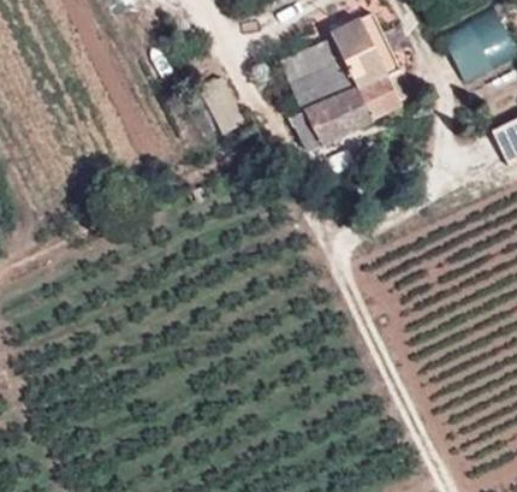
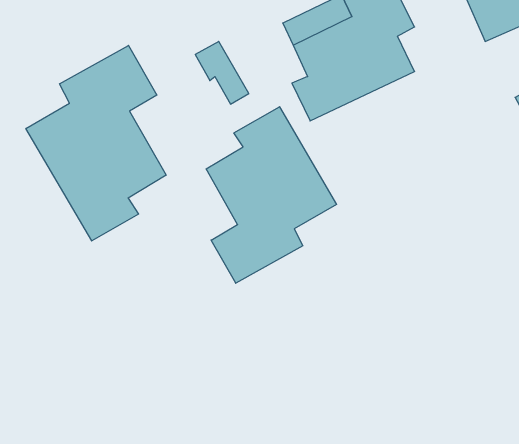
building: none -> [26,45,166,241]
building: none -> [206,107,337,283]

